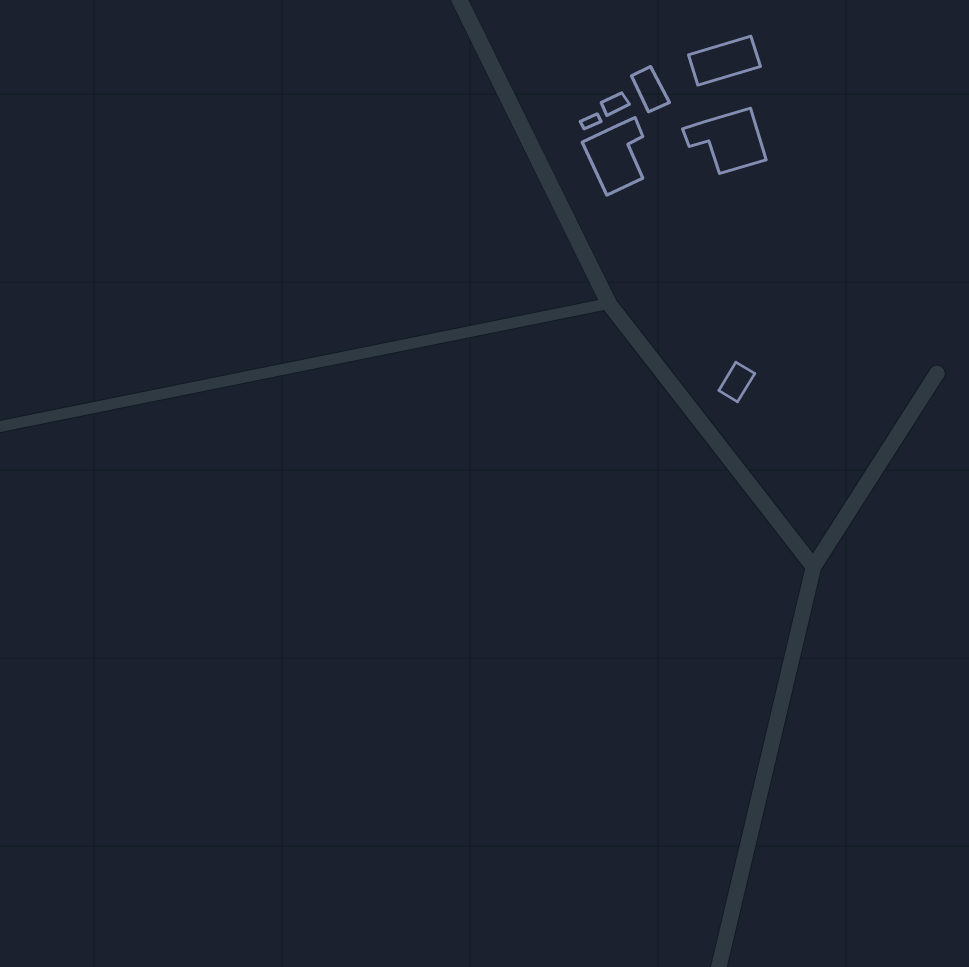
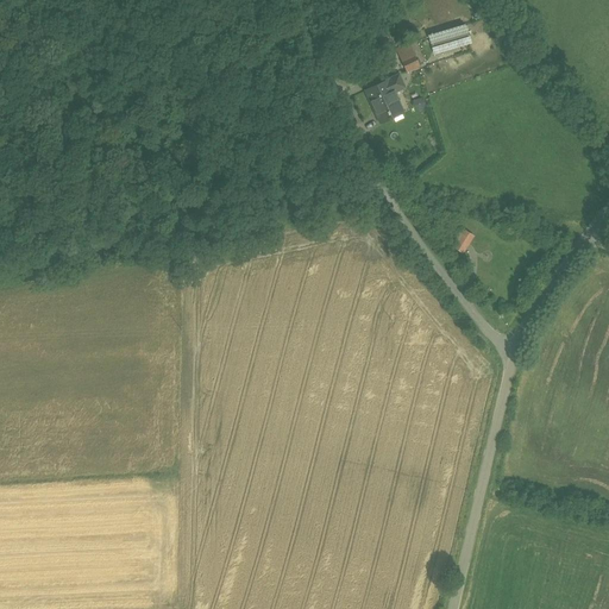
building: [682,108,766,174] -> none

